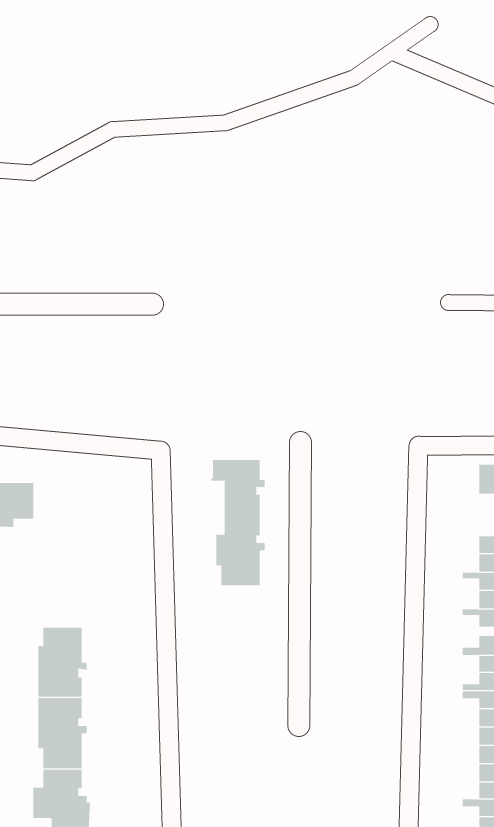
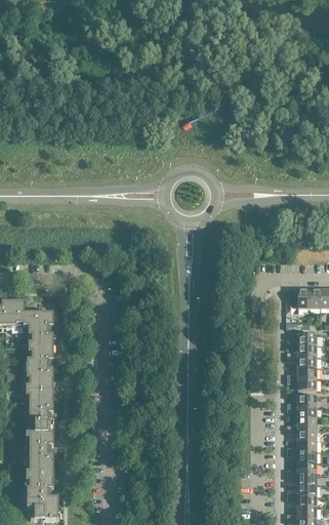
building: [211,459,265,586] -> [24,312,57,390]

